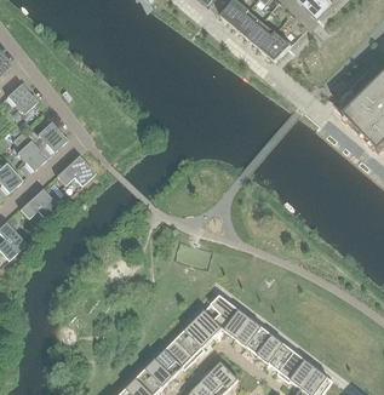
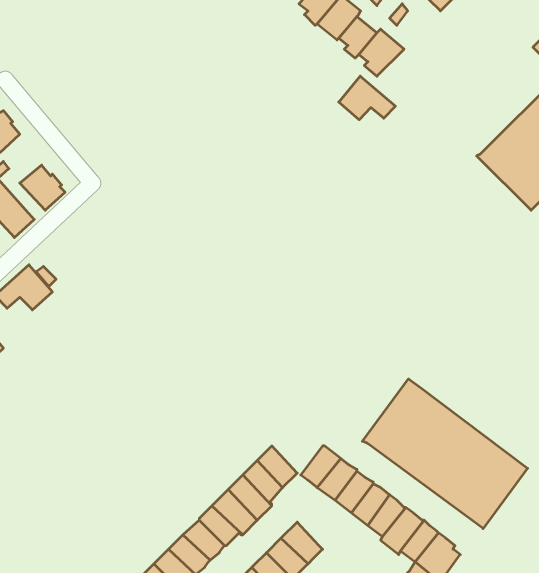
building: none -> [339,76,395,120]
building: [56,153,94,183] -> none
building: none -> [362,379,528,529]
building: [205,292,240,327] -> none

